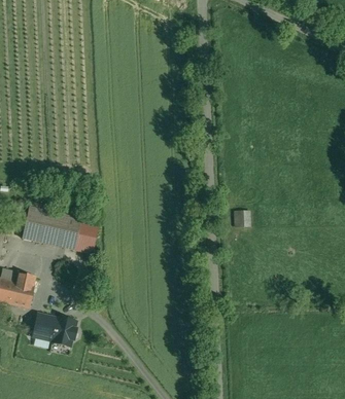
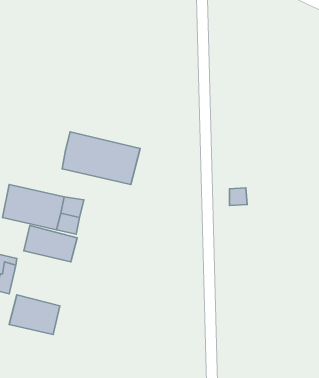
building: none -> [62,132,140,185]
building: none -> [24,226,77,262]

